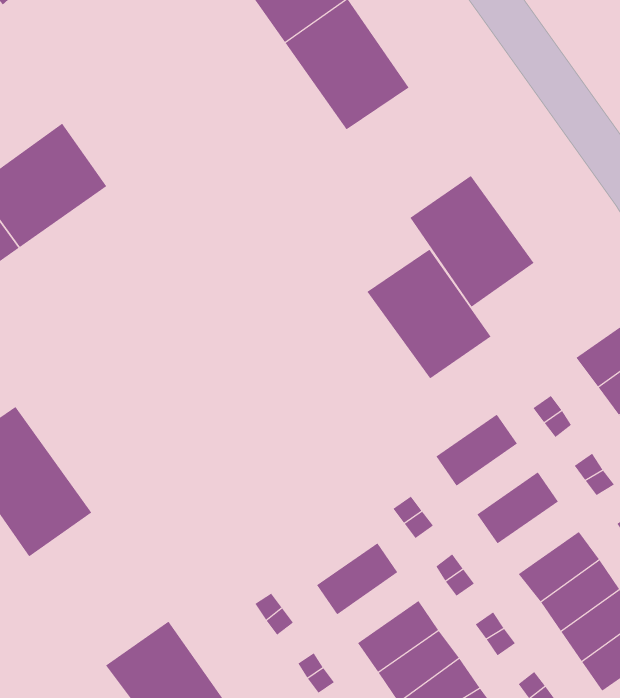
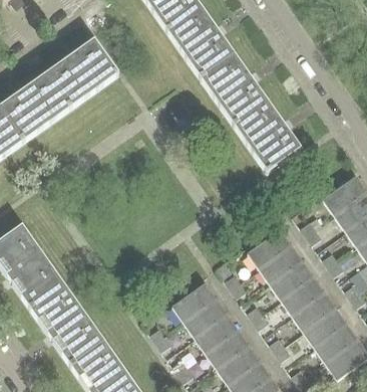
building: none -> [47,39,118,107]
building: [366,249,491,379] -> [200,53,267,124]
building: none -> [259,245,303,283]
building: none -> [281,276,325,316]
building: none -> [29,282,104,365]
building: none -> [172,282,217,322]
building: none -> [195,315,239,353]

